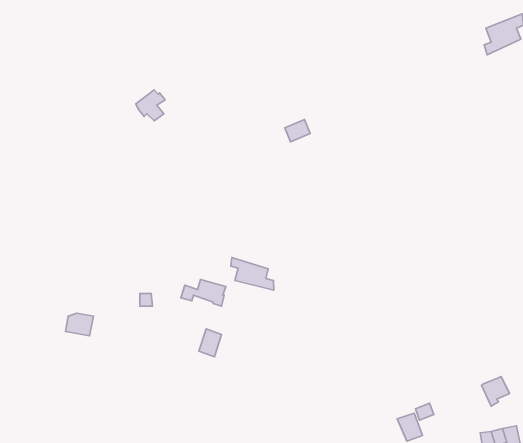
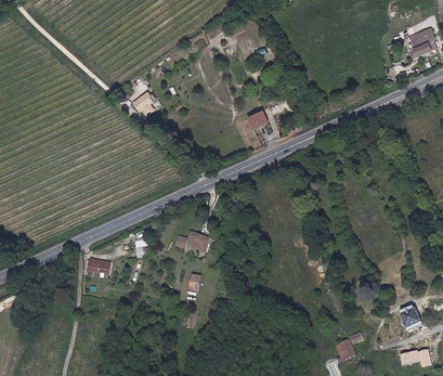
building: [231,258,274,290] -> none

